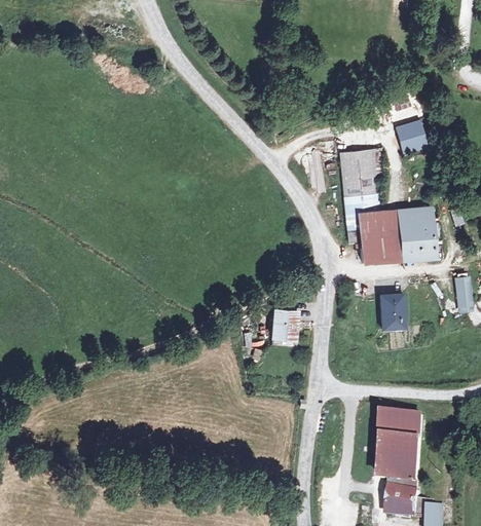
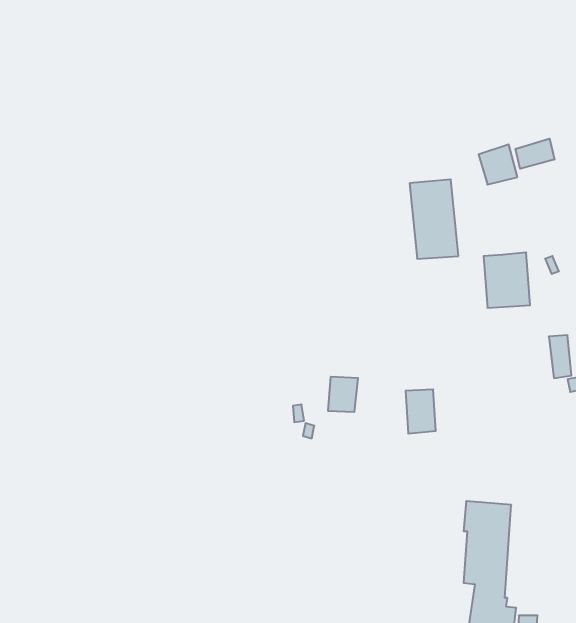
building: none -> [516,139,554,169]
building: [345,209,401,261] -> none
building: [379,293,404,329] -> [406,389,436,433]

